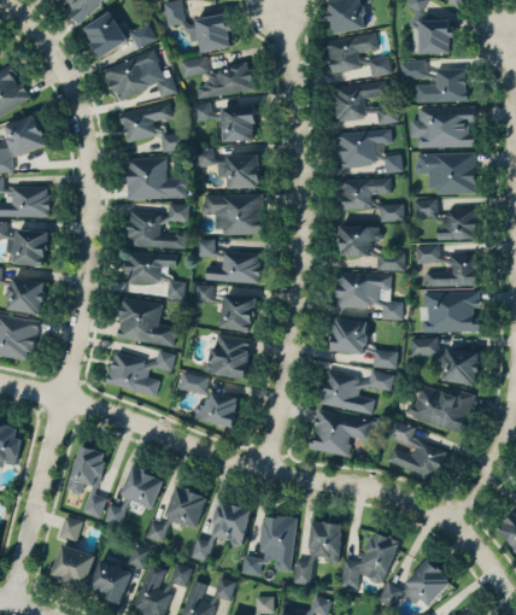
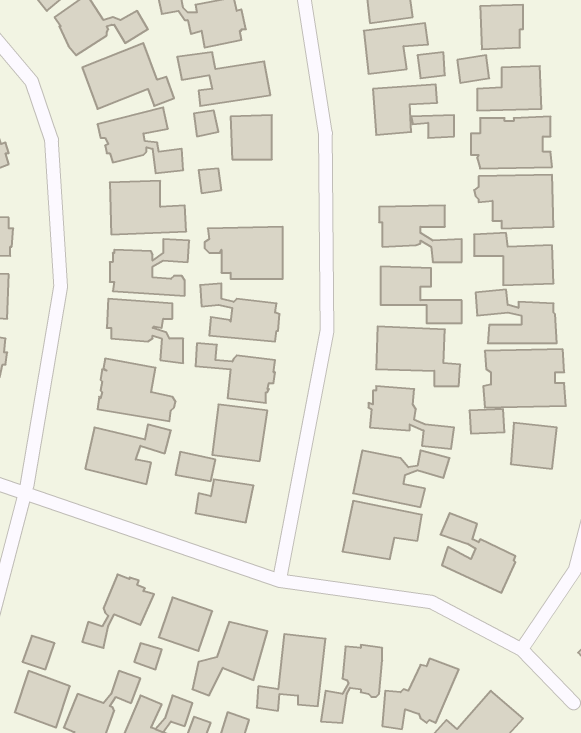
building: [336,129,403,172] -> none
building: [217,154,260,189] -> none
building: [404,385,475,434] -> none
building: [68,447,106,519] -> none

